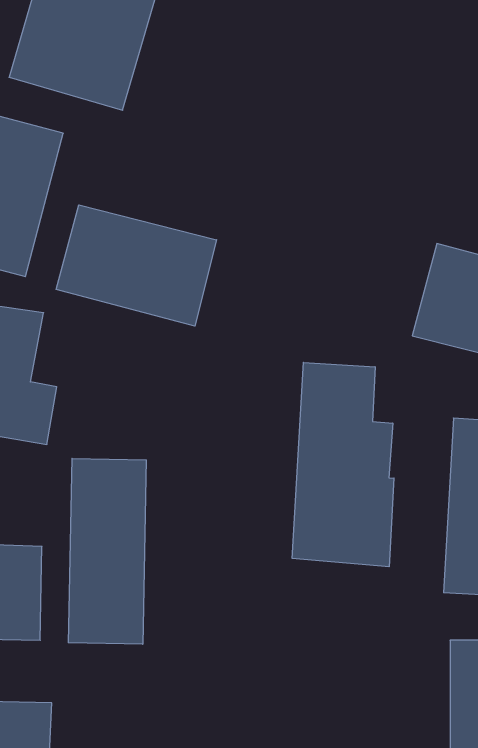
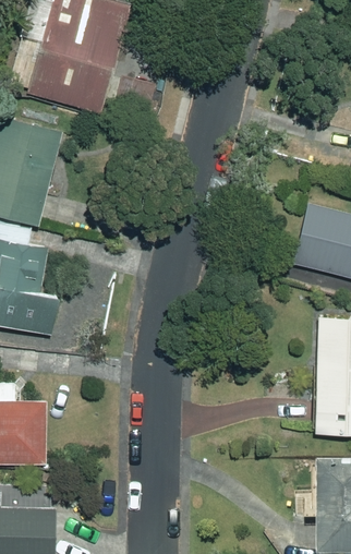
building: [56,205,217,326] -> none
building: [292,362,394,567] -> none
building: [68,458,146,644] -> none

